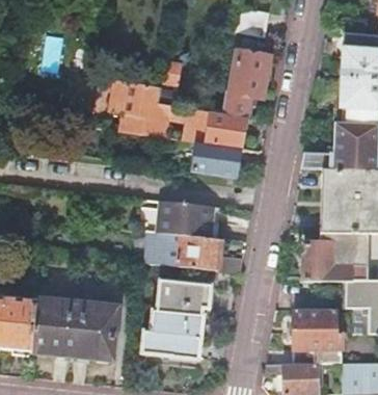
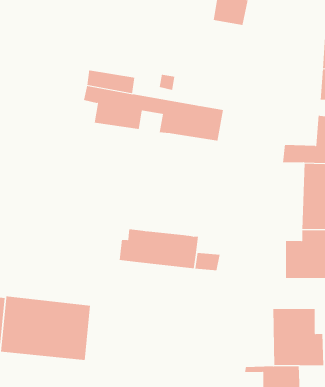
building: [231,52,269,99] -> none
building: [191,141,241,177] -> none
building: [156,201,214,239] -> none
building: [142,281,211,360] -> none

